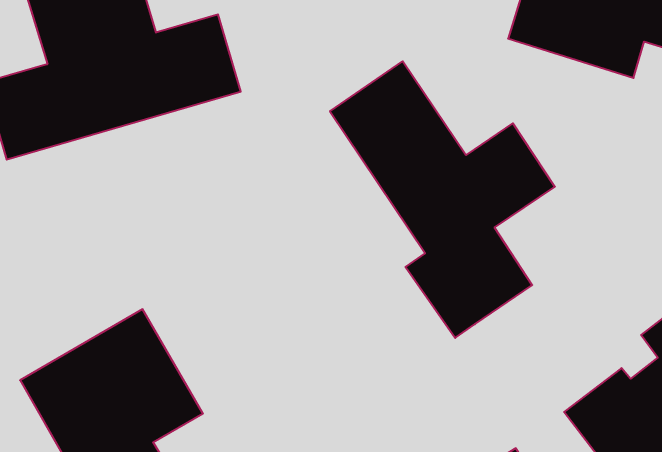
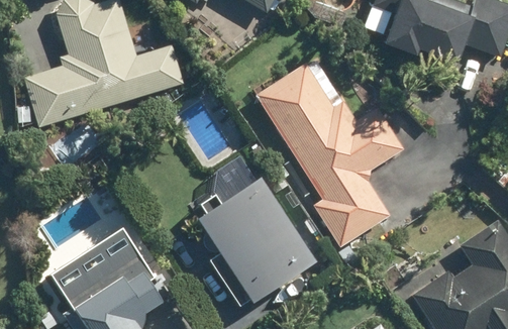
building: none -> [187,168,323,310]

